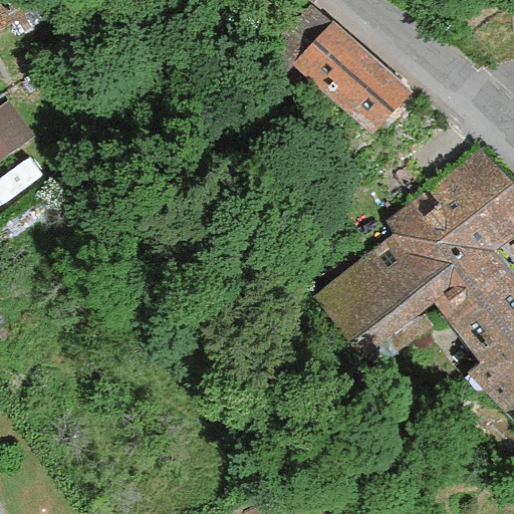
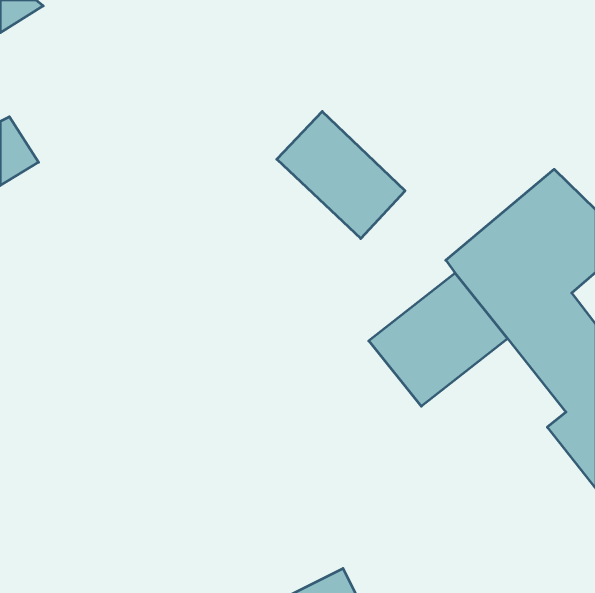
building: [298,25,409,135] -> [277,111,405,239]

